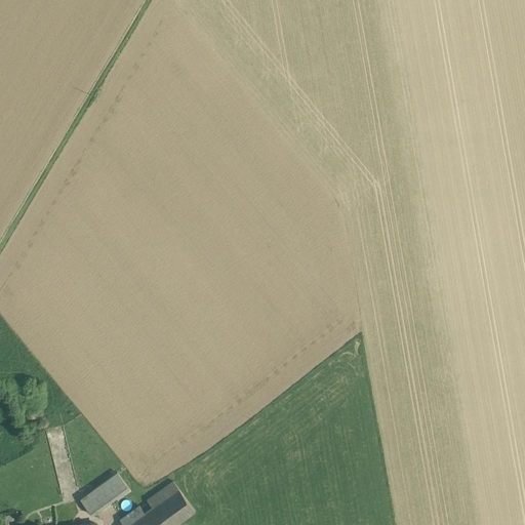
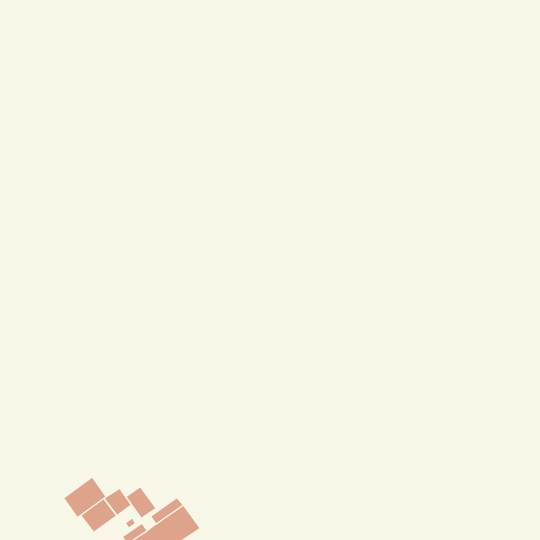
building: none -> [63,477,106,518]
building: none -> [126,487,156,519]

